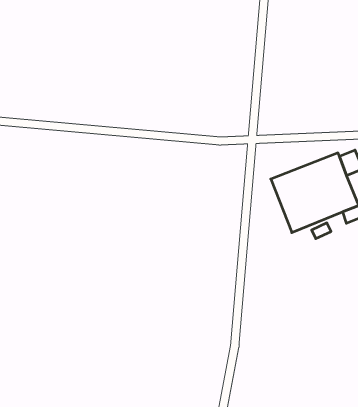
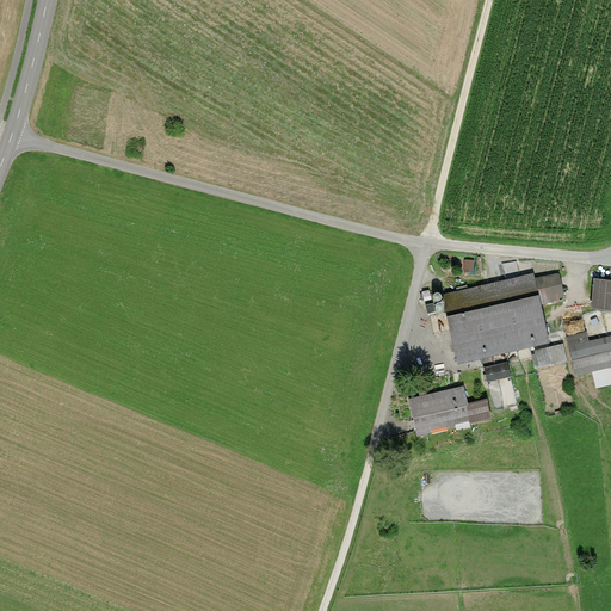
building: none -> [409,385,493,432]

